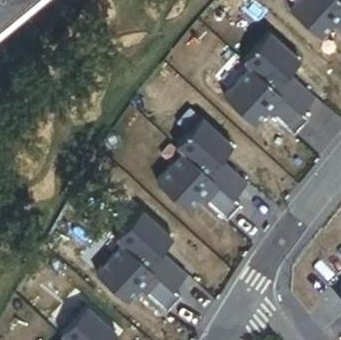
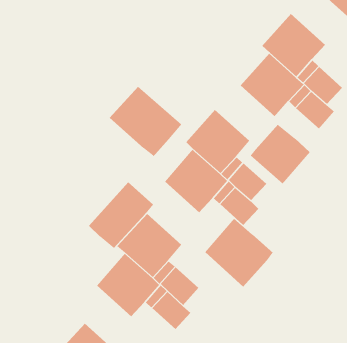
building: none -> [109,86,182,157]
building: none -> [250,124,310,184]
building: none -> [88,181,154,249]
building: none -> [204,218,274,287]

